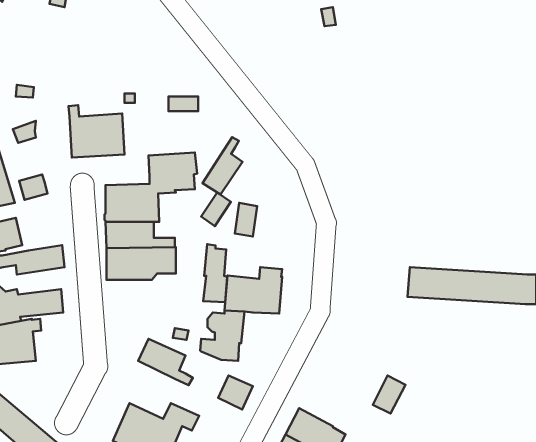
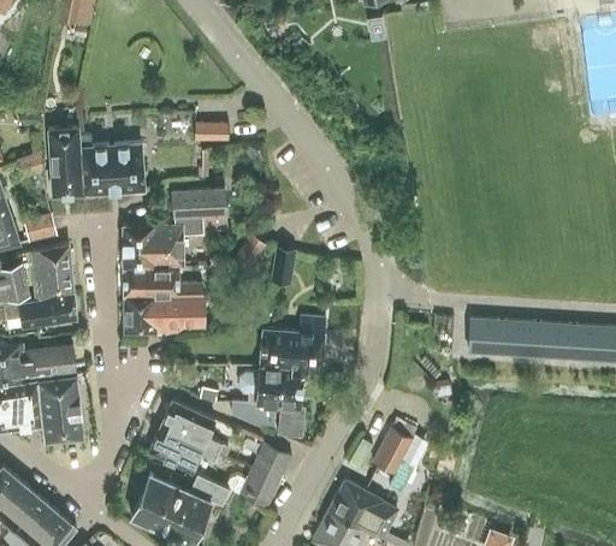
building: none -> [48,127,82,196]
building: [203,137,242,195] -> none
building: none -> [31,244,73,299]
building: [203,244,227,302] -> [277,369,304,435]
building: none -> [40,374,83,440]
building: none -> [148,426,218,471]
building: [373,375,405,413] -> [374,428,411,471]
building: none -> [239,468,279,508]

